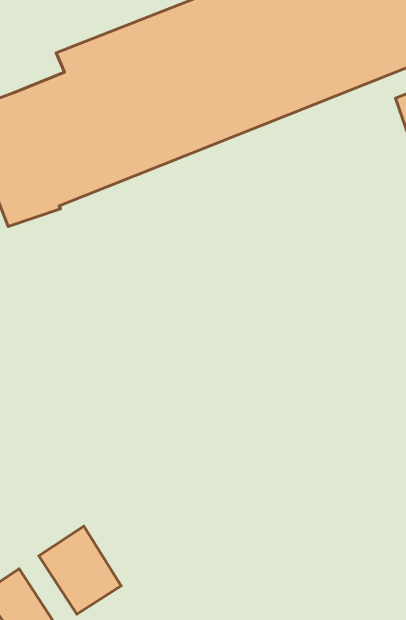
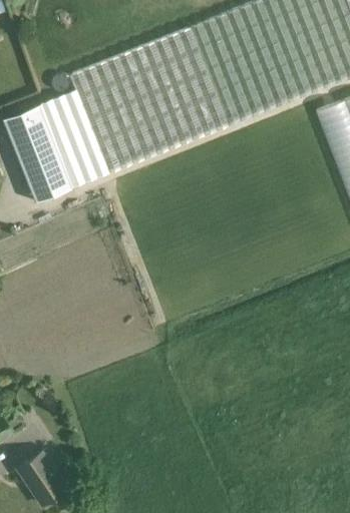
building: [39,526,121,614] -> none

